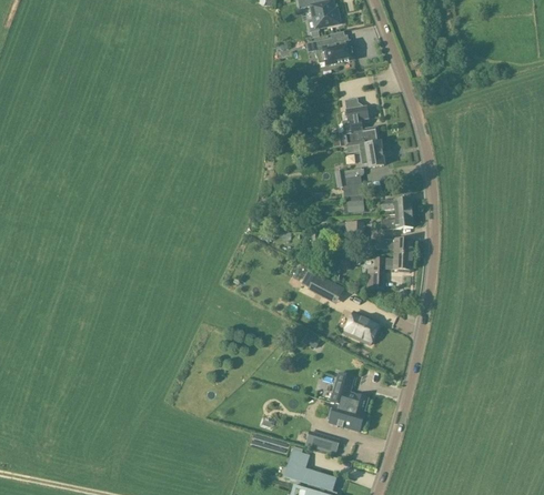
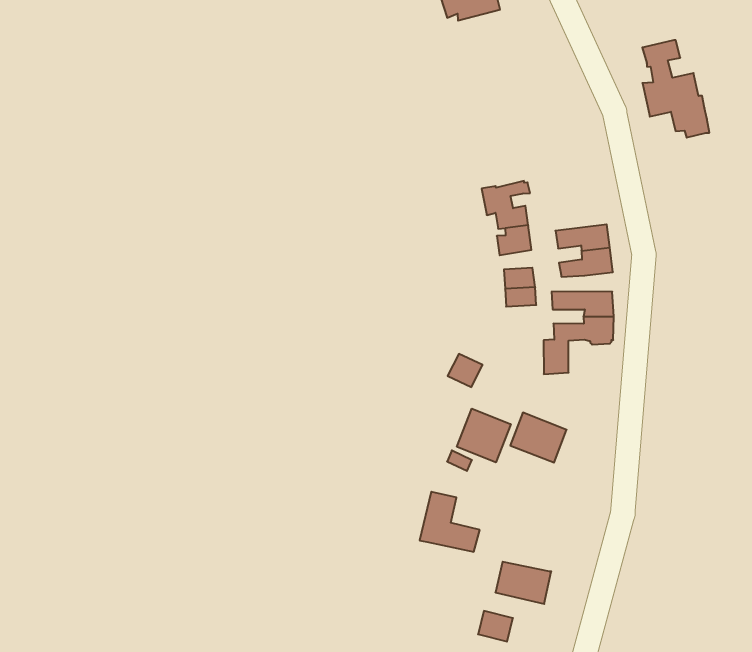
building: [344,105,384,166] -> [642,40,709,138]
building: none -> [457,409,511,462]
building: [331,372,369,411] -> [420,492,480,552]

